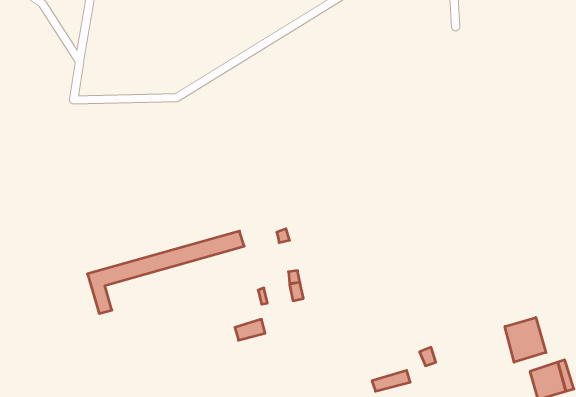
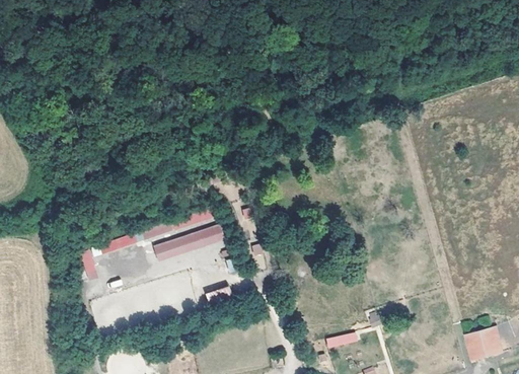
building: none -> [153,225,225,261]
building: [505,317,546,362] -> none

